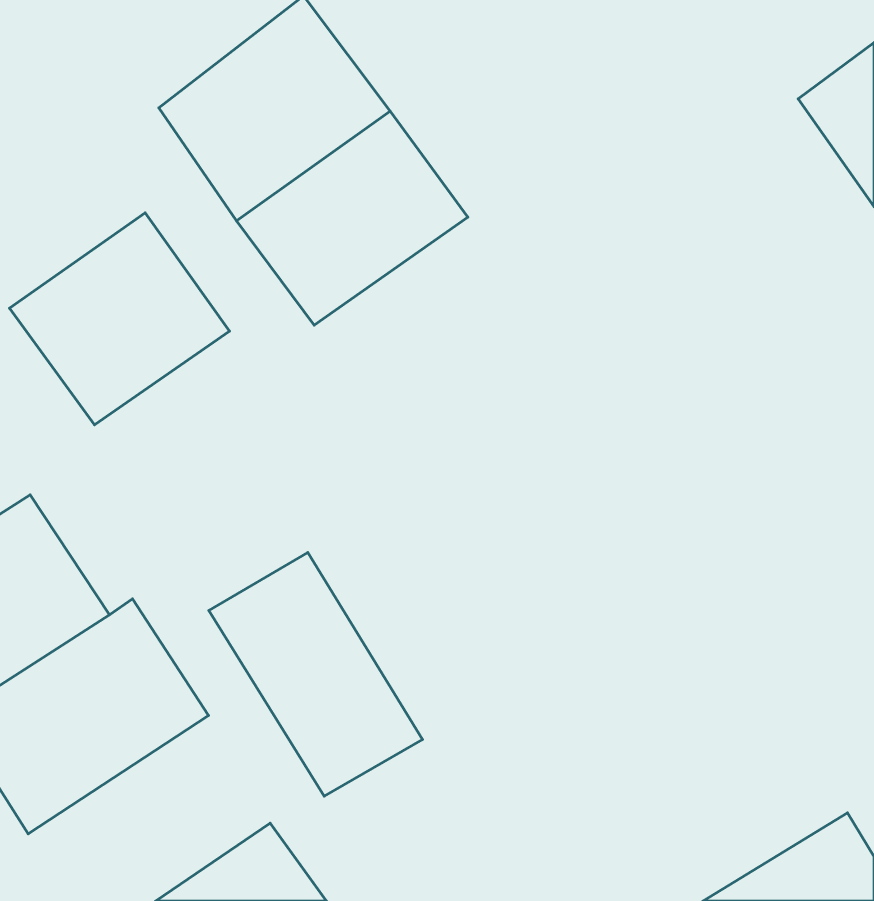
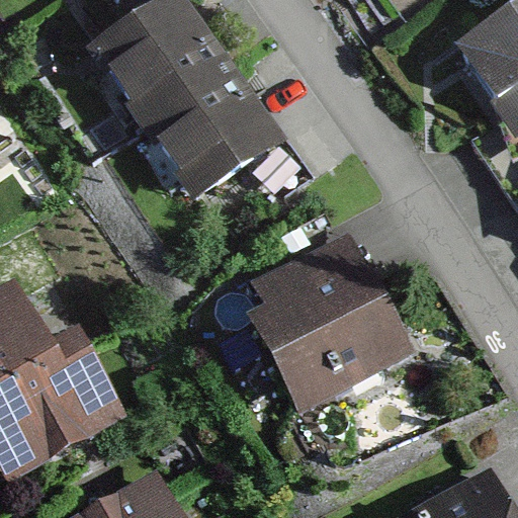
building: [9,213,229,425] -> none
building: none -> [250,237,423,413]
building: [209,552,423,796] -> none

